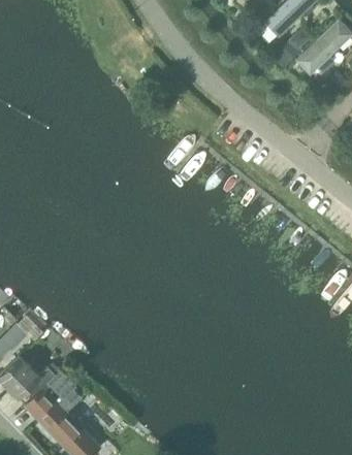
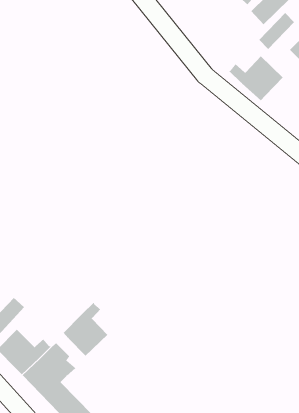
building: none -> [228,56,284,101]
building: none -> [63,302,108,357]

